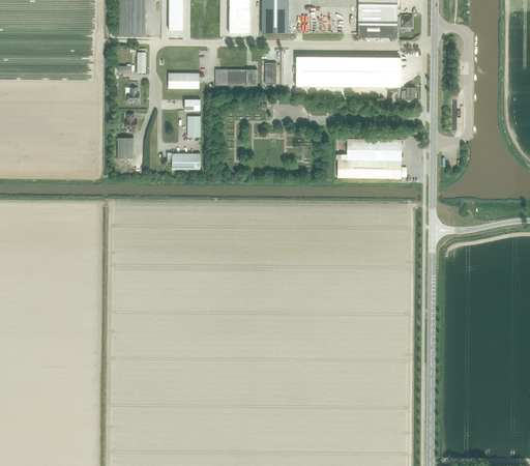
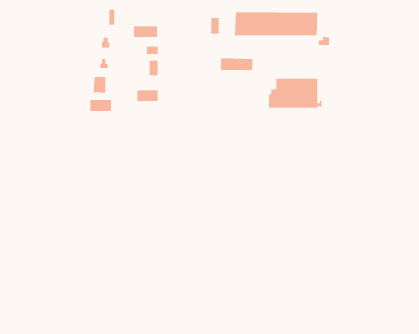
building: [215,68,257,85] -> [220,58,253,71]
building: none -> [89,98,112,112]

